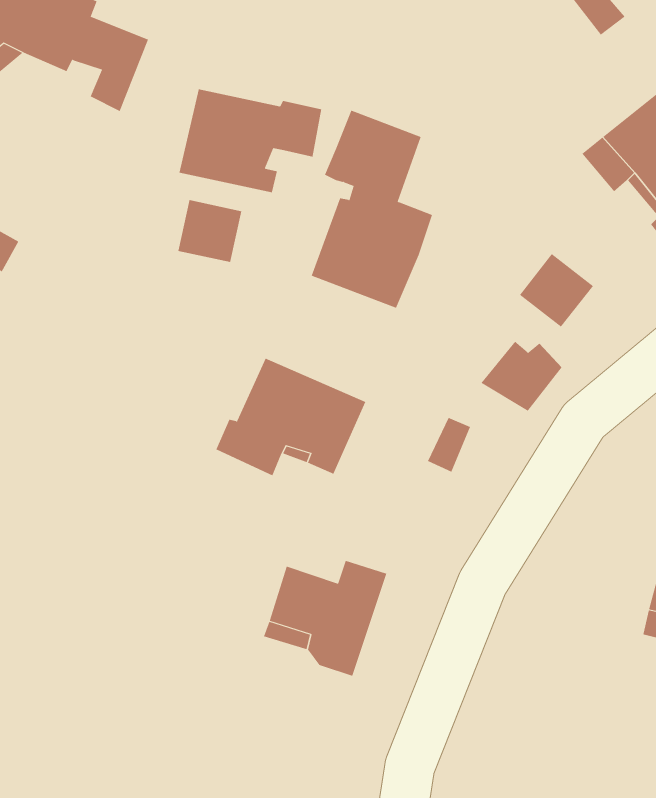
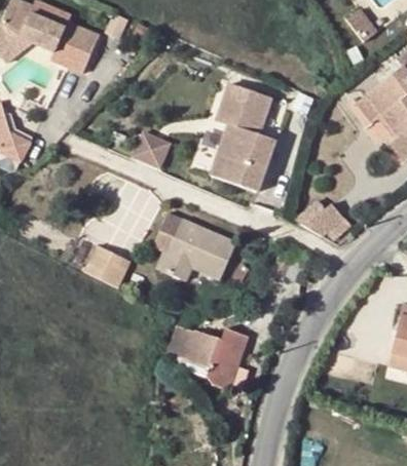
building: [179,89,322,193] -> none
building: [519,253,594,328] -> none
building: none -> [84,241,131,283]

